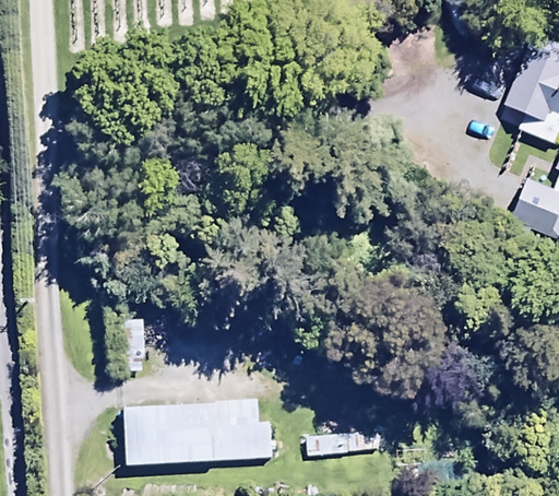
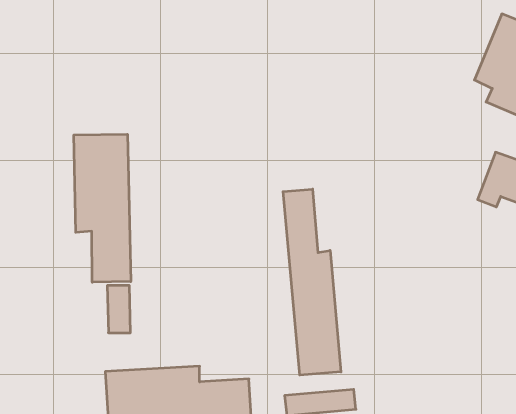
building: none -> [74,134,131,282]
building: none -> [283,189,341,375]

